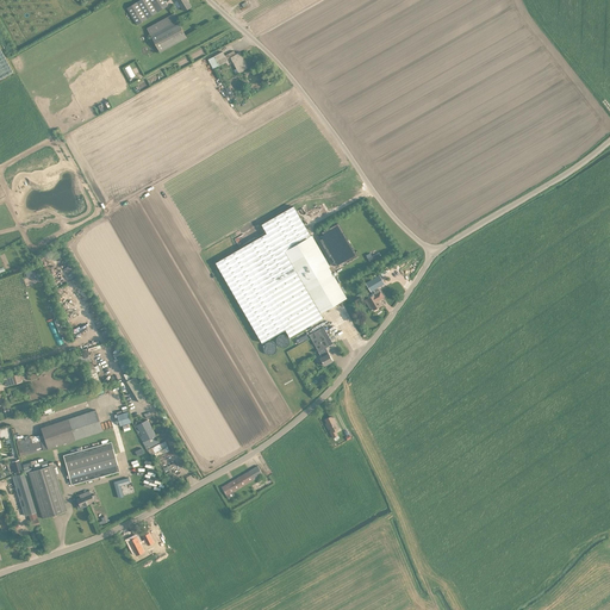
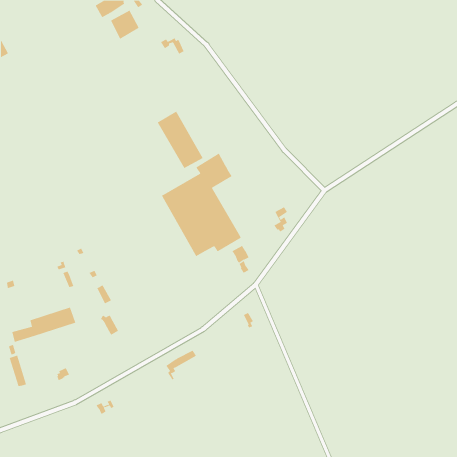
building: [284,235,346,312] -> [157,111,203,169]
building: [62,441,118,485] -> none
building: [27,463,66,518] -> none

